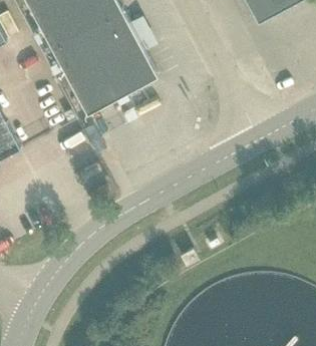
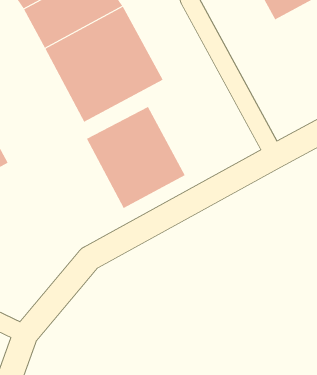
building: none -> [86,106,186,209]

